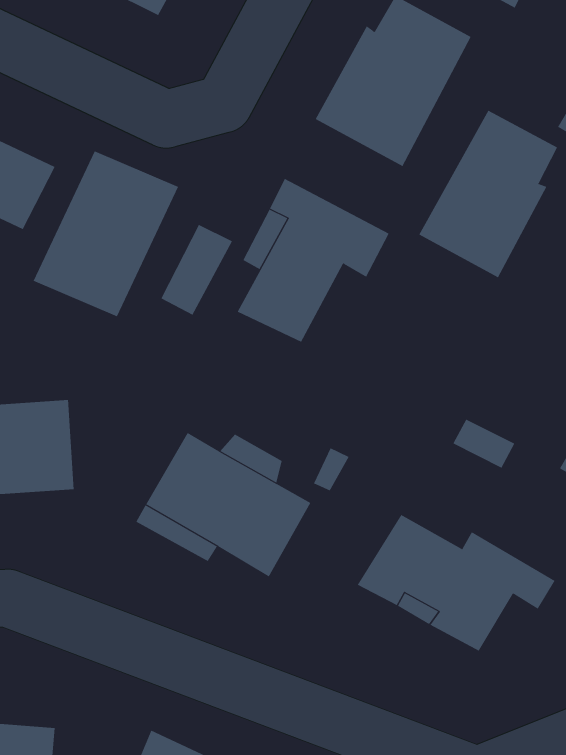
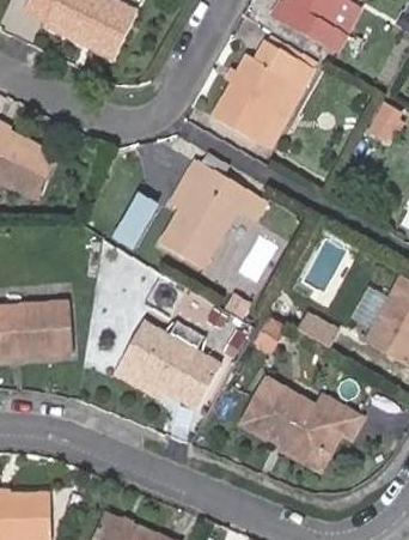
building: [419,110,558,278] -> none
building: [33,150,179,317] -> none

